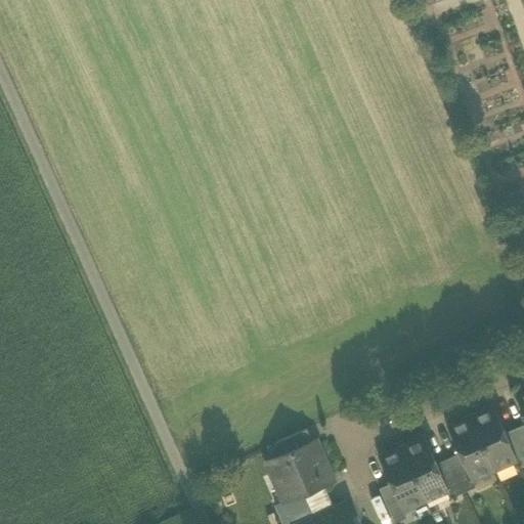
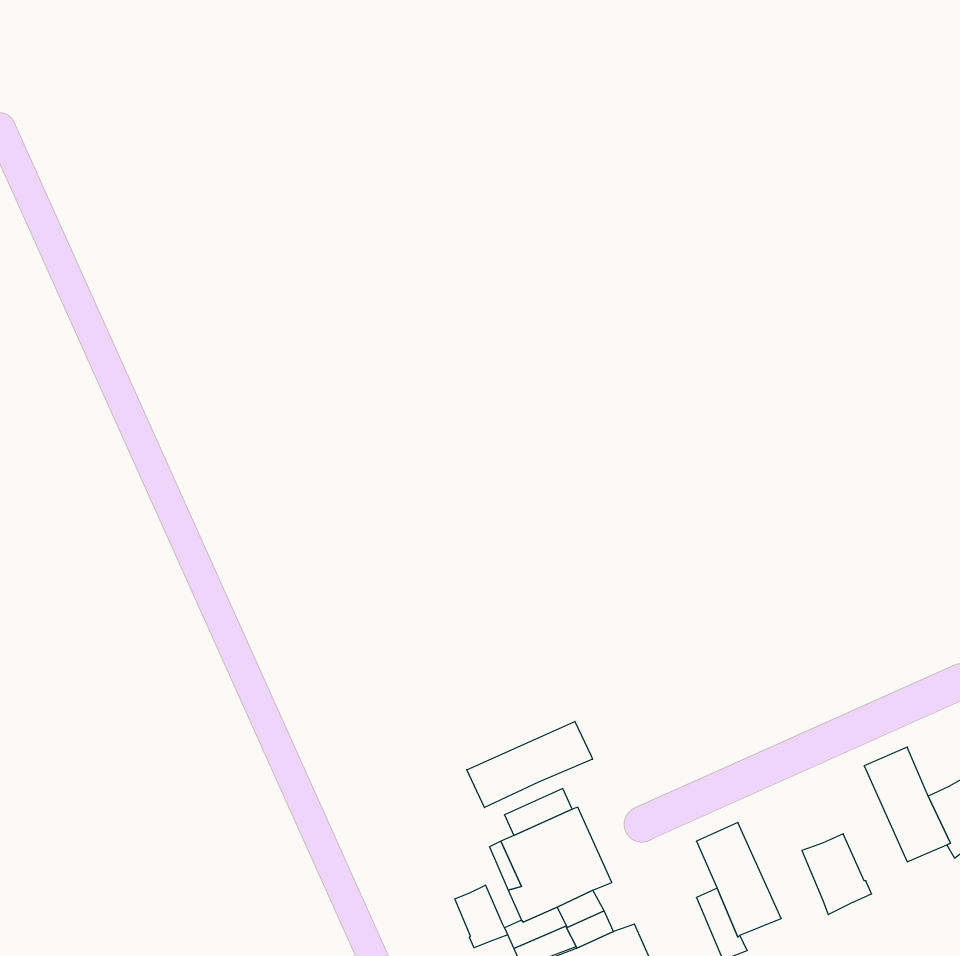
building: none -> [467,721,593,808]
building: [448,420,494,482] -> none
building: [402,440,448,503] -> none
building: none -> [455,885,508,948]

